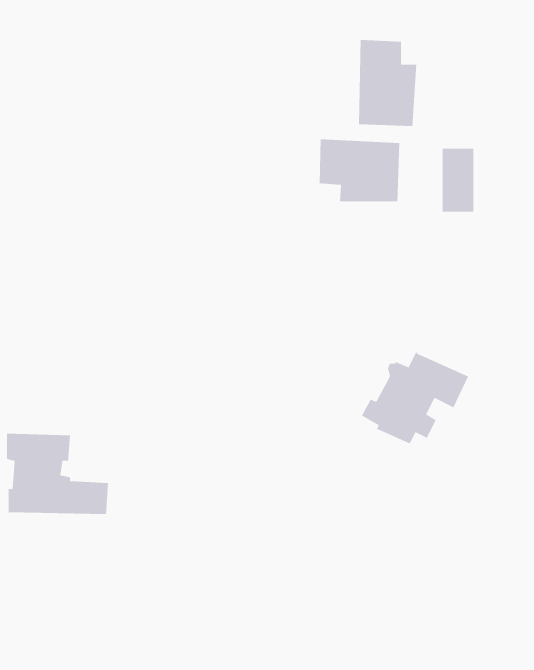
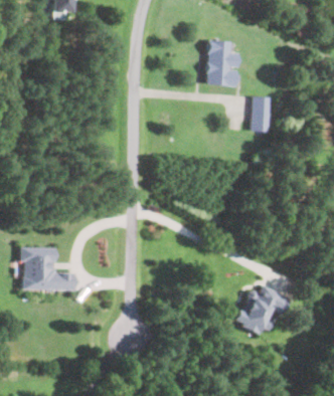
building: [319,139,400,202] -> none
building: [361,351,469,445] -> [234,285,292,335]

